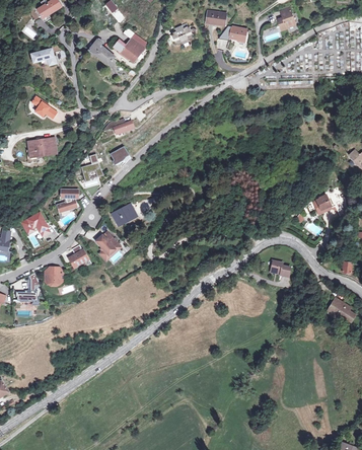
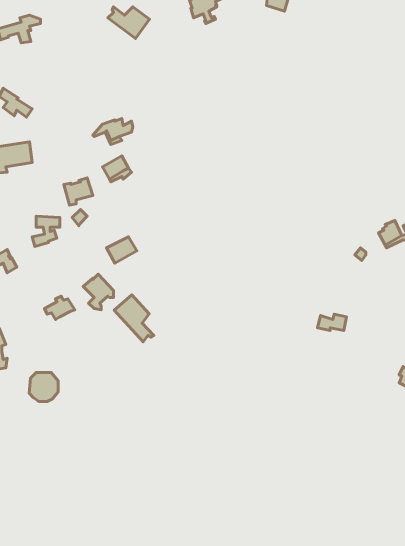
building: [89,38,118,67] -> none
building: none -> [114,295,154,342]
building: [44,266,65,287] -> [29,373,58,402]

